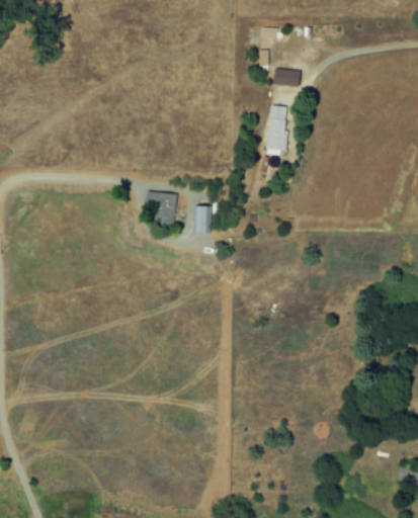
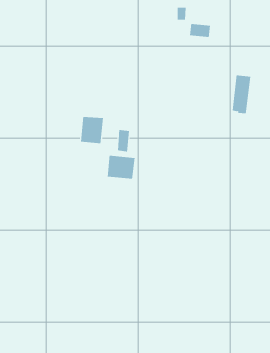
building: [267,104,288,152] -> [232,75,251,114]
building: none -> [107,155,135,180]

